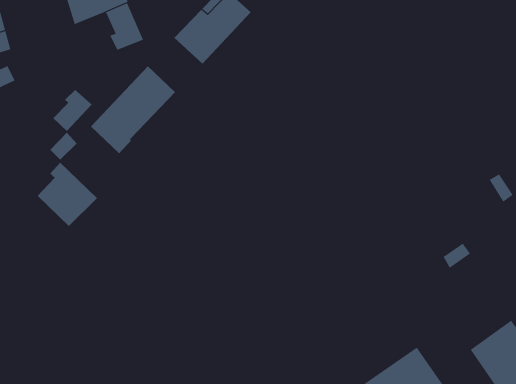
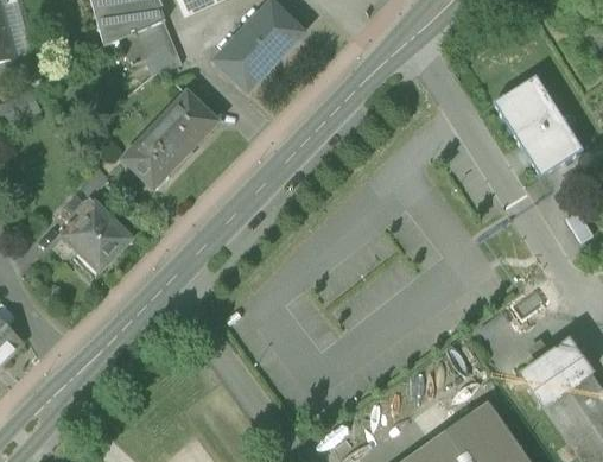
building: none -> [493,75,583,177]
building: [52,89,92,132] -> none
building: none -> [521,341,590,406]

